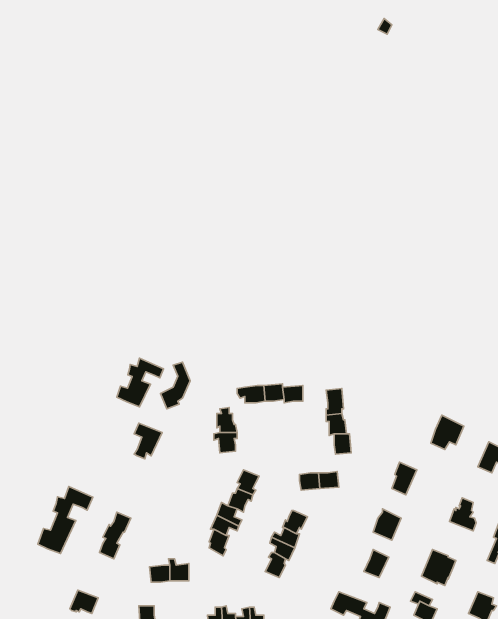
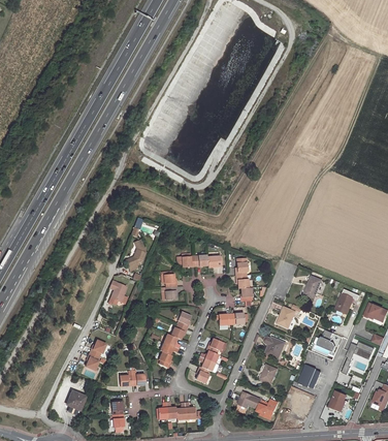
building: [117,358,164,407] -> none
building: [38,486,93,553] -> none

